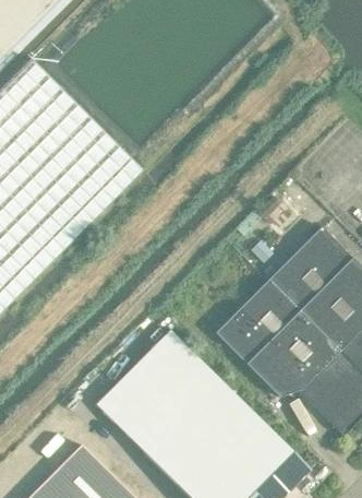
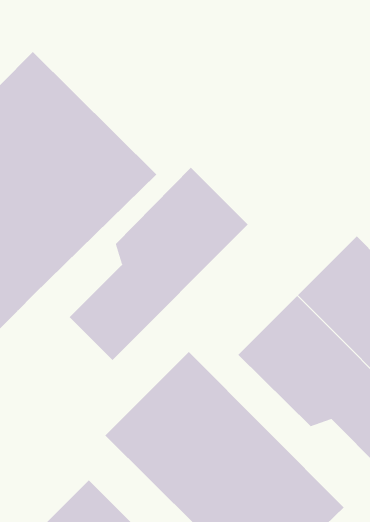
building: none -> [69,167,249,361]

